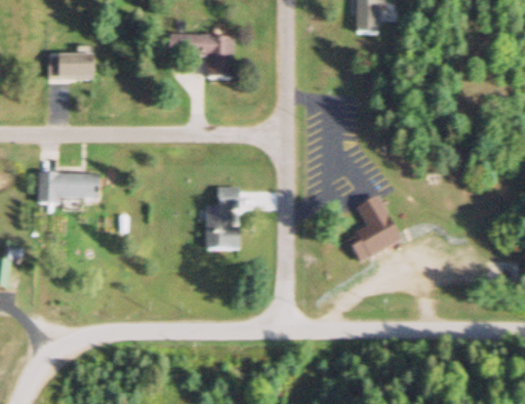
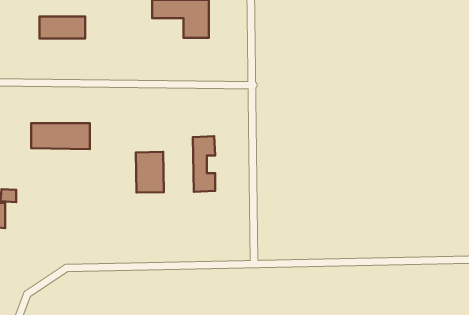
building: [348,194,402,260] -> none
building: none -> [136,152,164,193]

